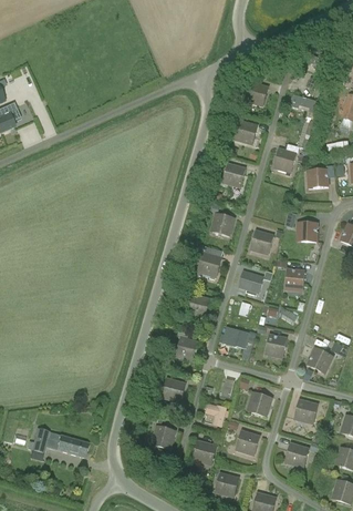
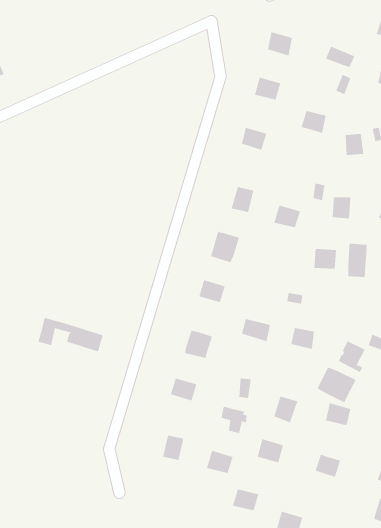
building: none -> [348,242,367,278]
building: [237,269,264,295] -> none
building: none -> [317,367,357,403]
building: [31,428,87,458] -> [38,317,104,352]

